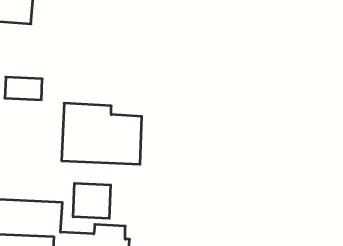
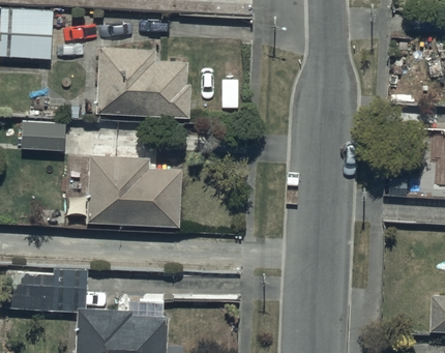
building: none -> [97,46,191,118]
building: [73,183,111,218] -> none

